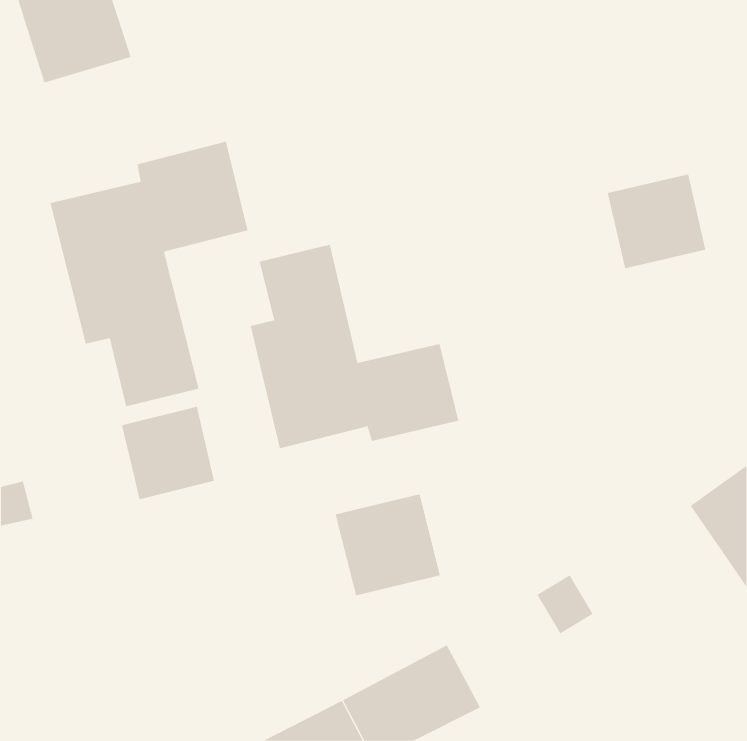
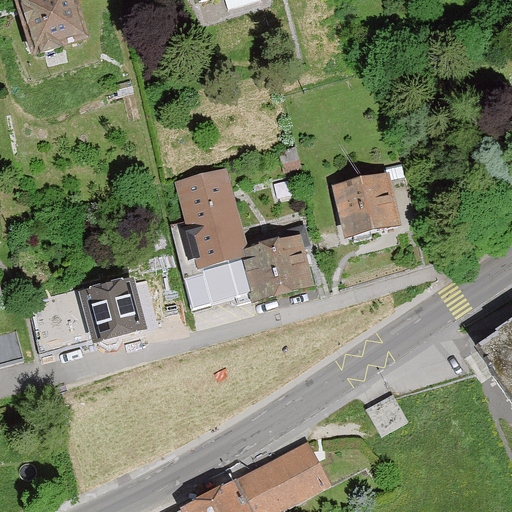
building: [50,141,248,407] -> none
building: [607,174,706,269] -> [333,173,401,238]
building: none -> [27,286,94,351]
building: [335,494,441,596] -> none

